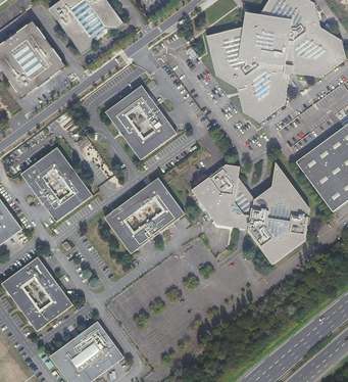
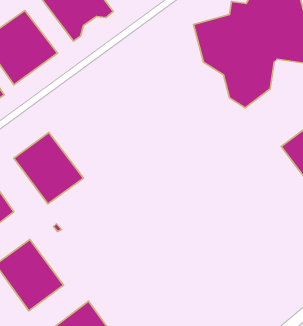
building: [105,85,176,159] -> none
building: [191,162,308,264] -> none
building: [104,178,184,252] -> none

